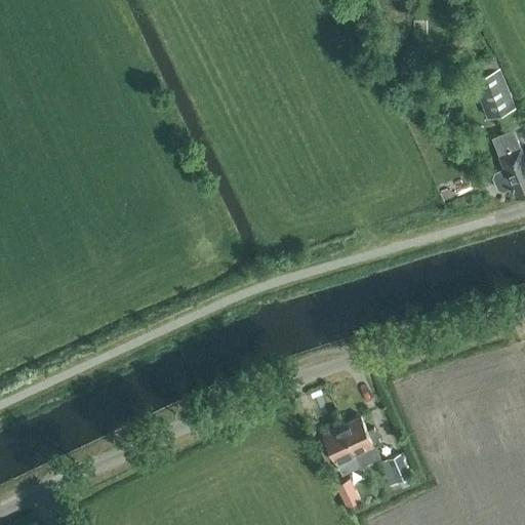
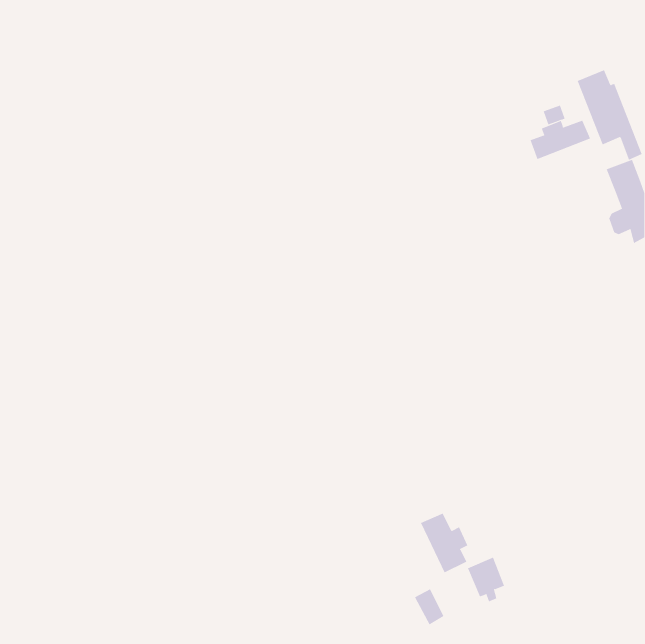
building: none -> [530,120,591,160]
building: [323,426,361,476] -> none

